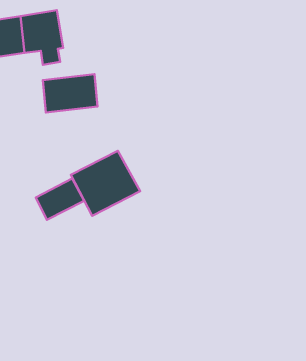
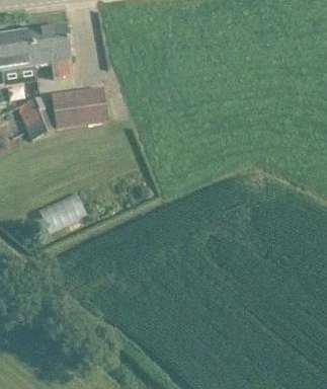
building: none -> [17,94,54,138]
building: [71,151,140,216] -> none

